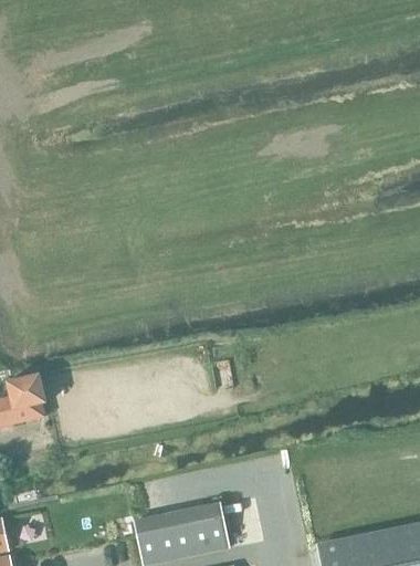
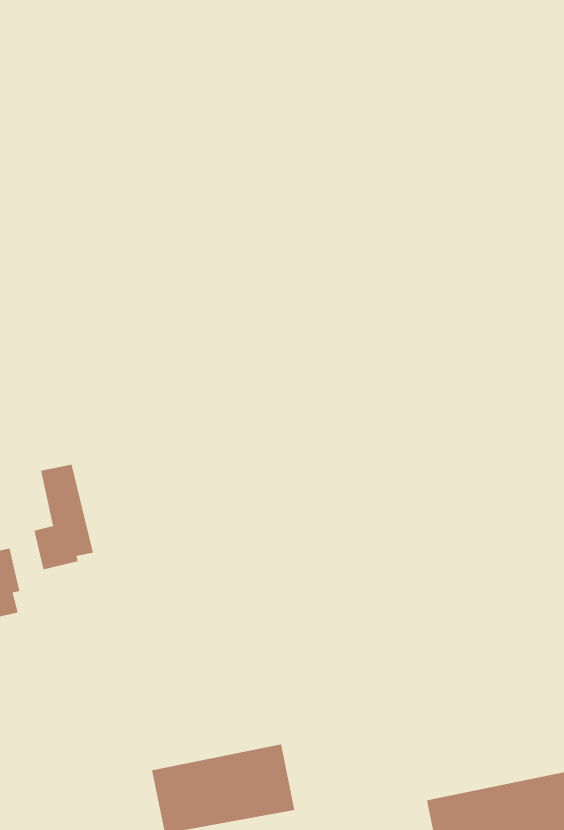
building: none -> [34,464,93,570]

